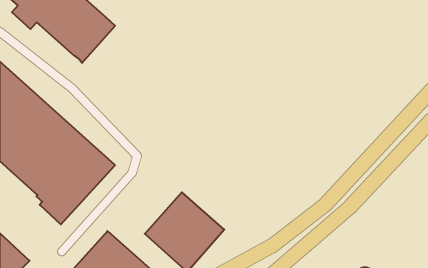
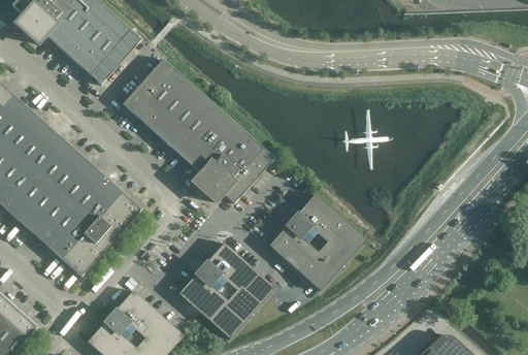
building: none -> [125,58,274,202]
building: none -> [268,193,365,290]

